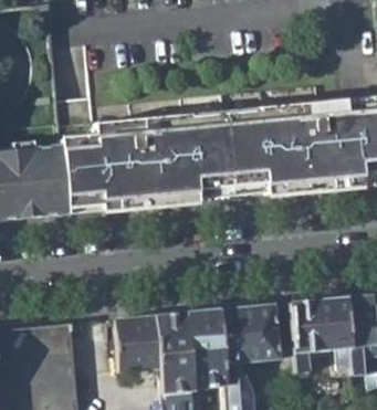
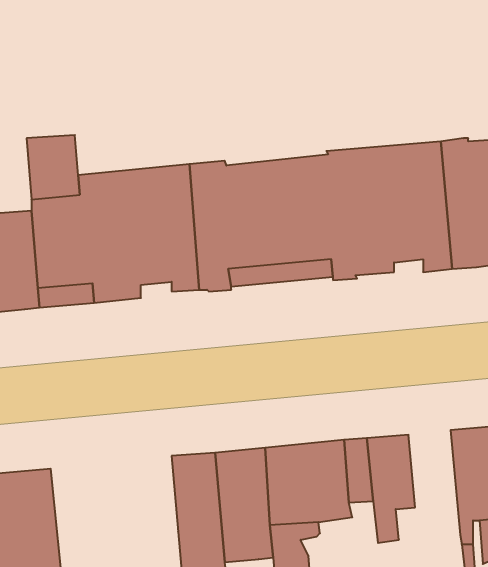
building: [318,297,354,370] -> none
building: [114,315,160,372] -> none

